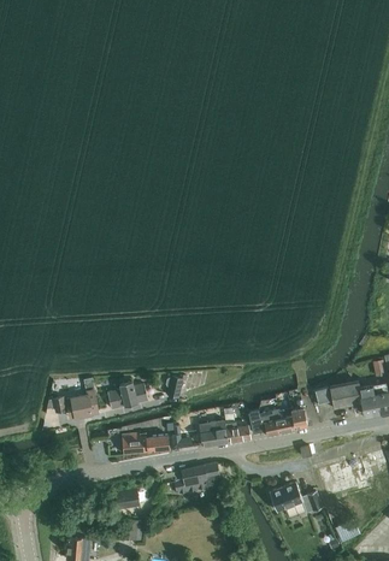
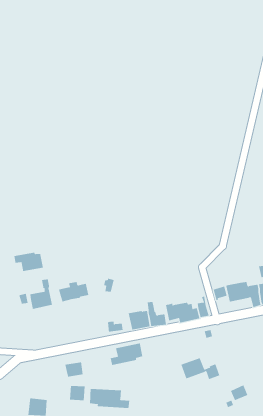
building: none -> [14,252,44,272]
building: [122,432,170,454] -> none
building: none -> [89,388,130,409]

